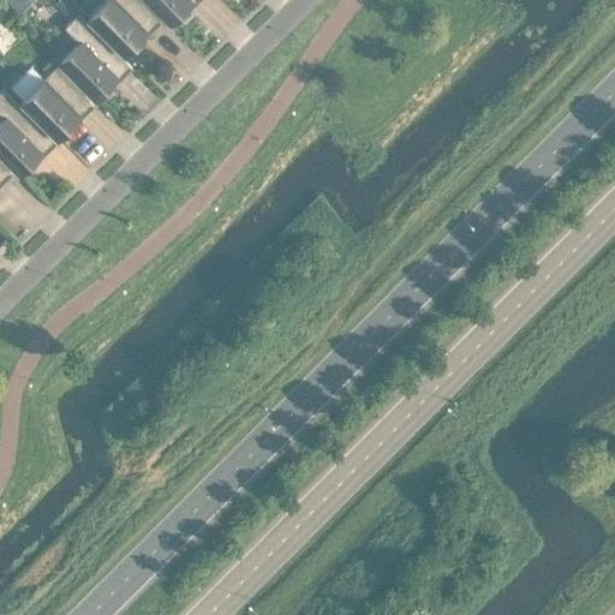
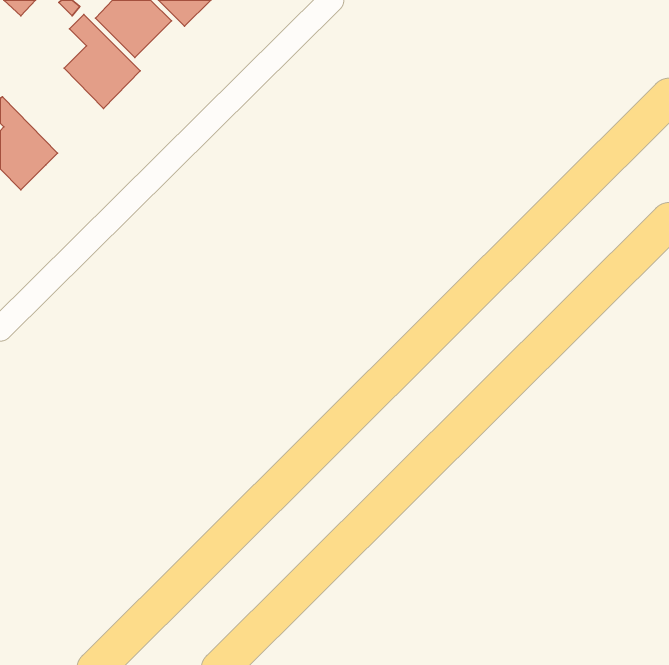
building: [8,70,91,141] -> none

